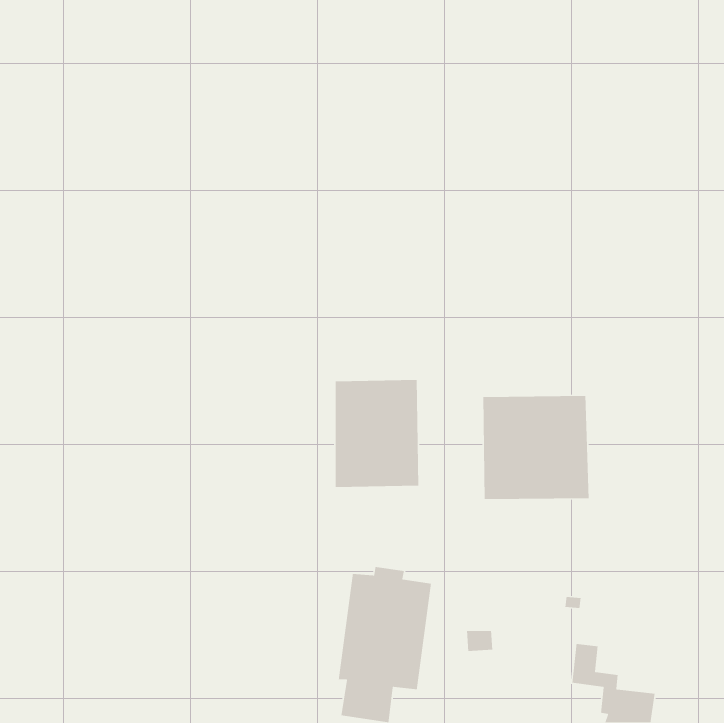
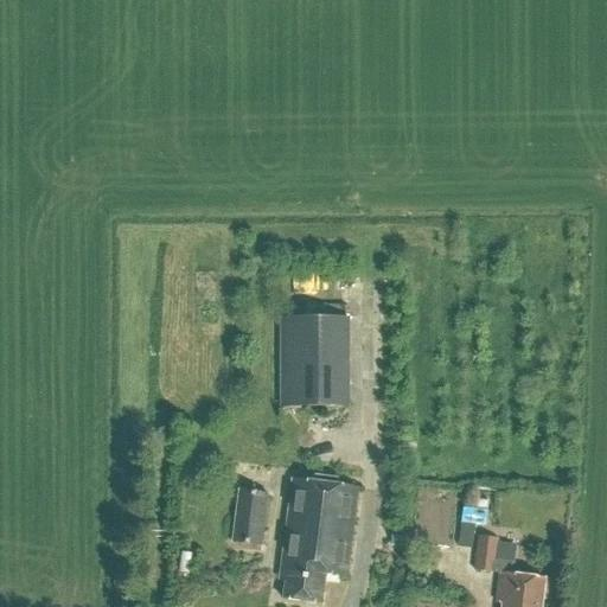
building: [482,395,589,500] -> none
building: none -> [230,488,267,545]

